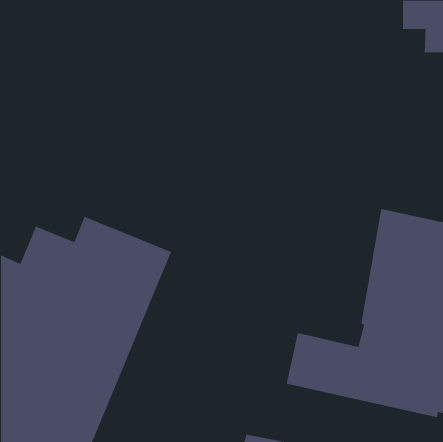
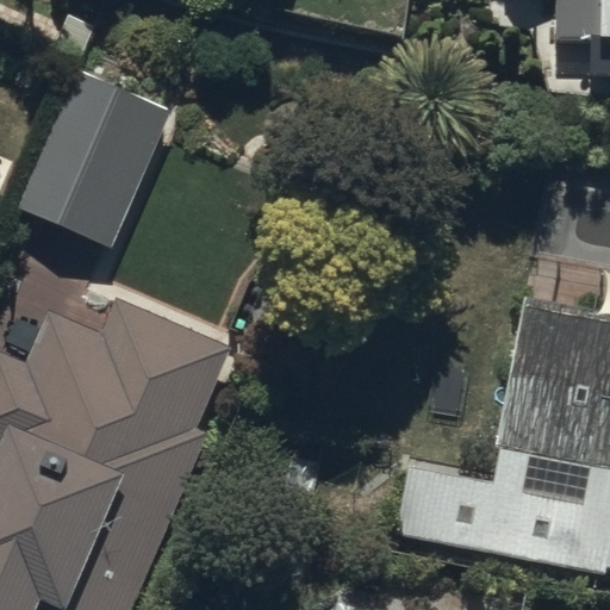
building: none -> [14,71,169,249]

